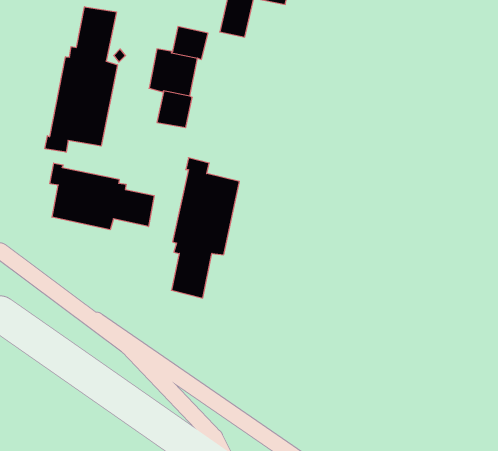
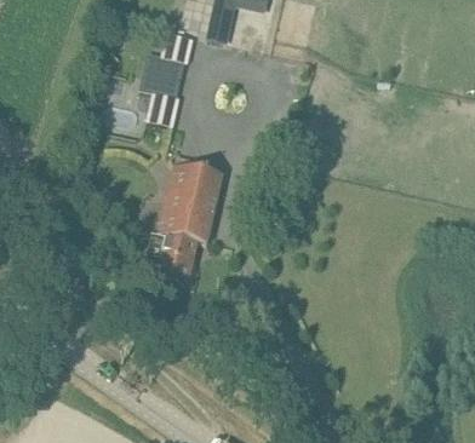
building: [45,7,117,152] -> none
building: [50,163,154,230] -> none

